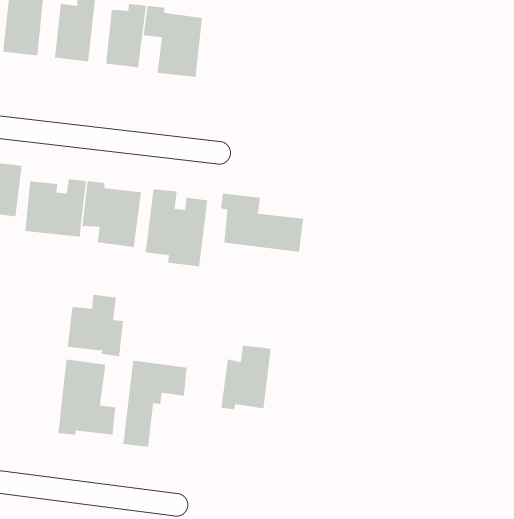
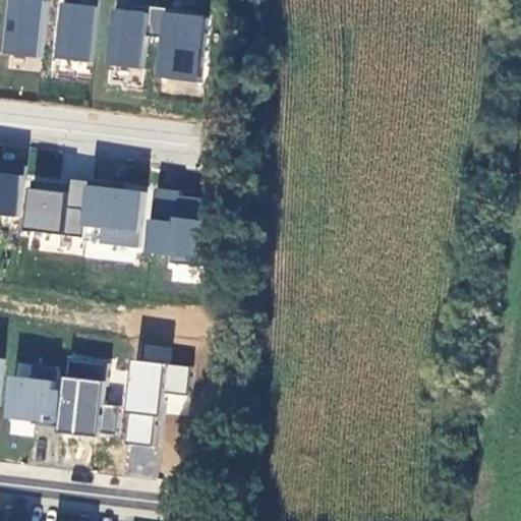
building: [220,193,309,253] -> none
building: [67,294,124,357] -> [5,364,62,427]
building: [220,345,272,410] -> none

